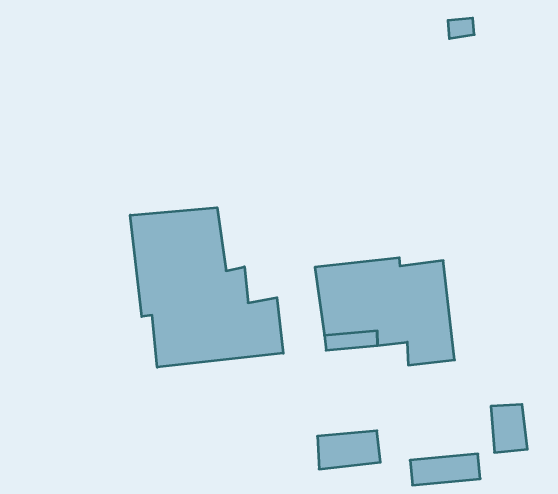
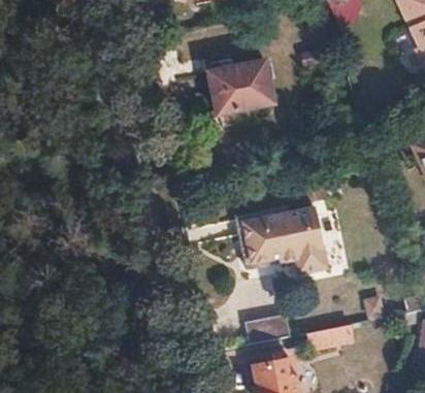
building: none -> [208,61,272,114]
building: [130,208,283,367] -> none

